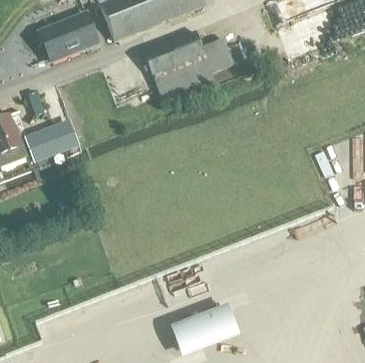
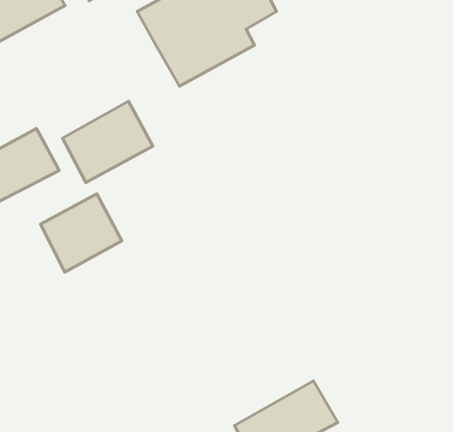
building: none -> [63,101,153,182]
building: none -> [40,194,122,272]

